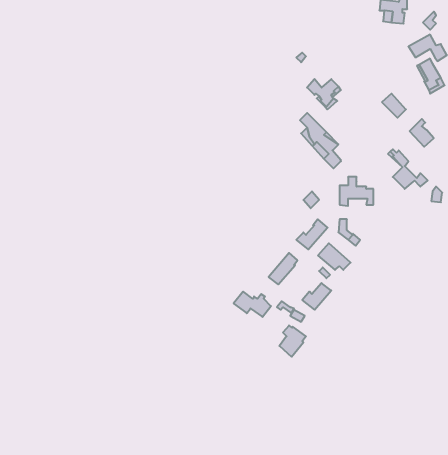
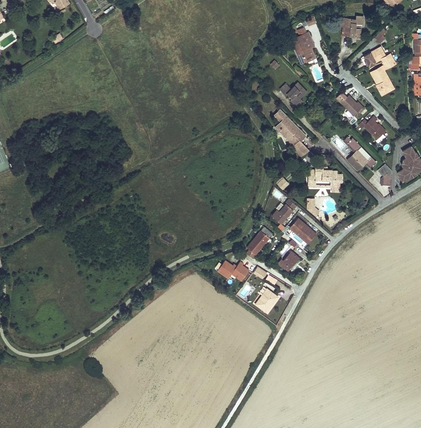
building: none -> [292,32,315,62]

